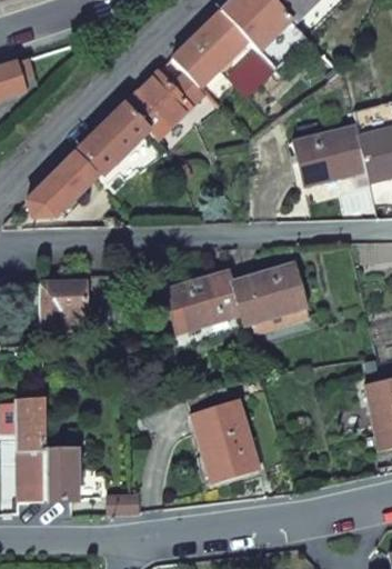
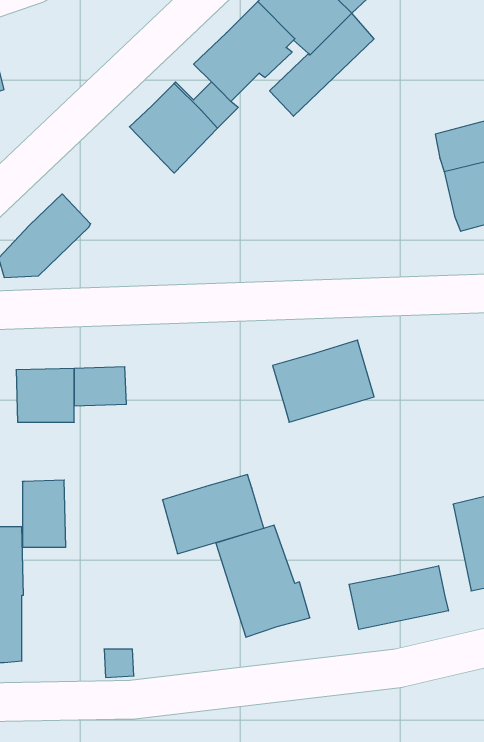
building: [79,102,151,174] -> none
building: [292,126,368,186] -> none
building: [165,270,241,329] -> [162,475,264,554]
building: none -> [349,566,448,629]
building: [46,450,78,500] -> [22,480,66,547]

